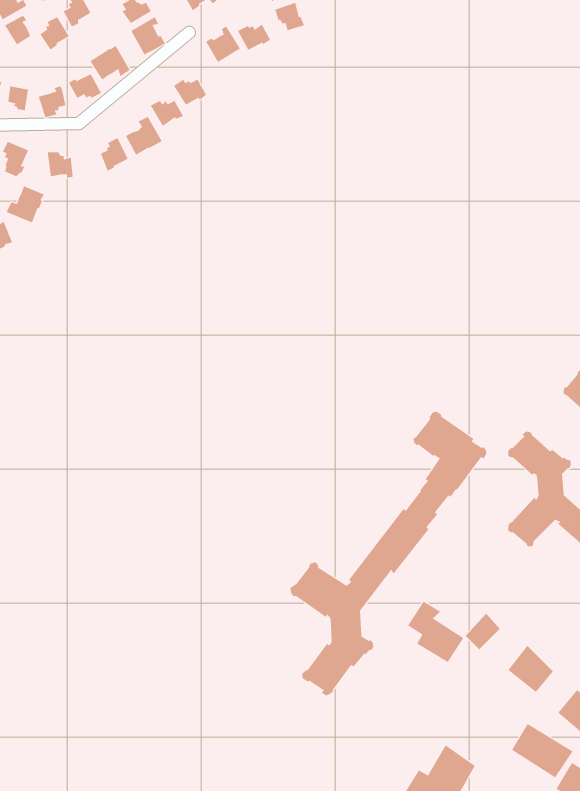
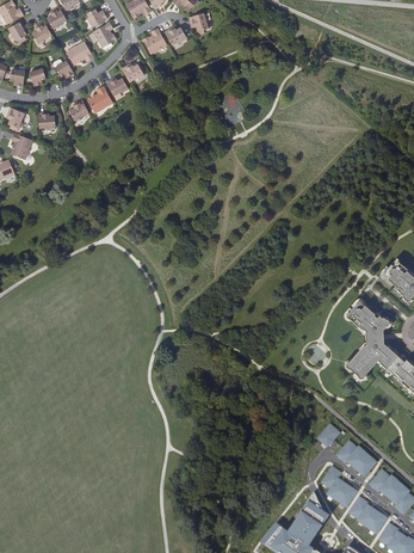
building: [290,411,487,696] -> none
building: [407,601,464,663] -> [321,465,359,506]

